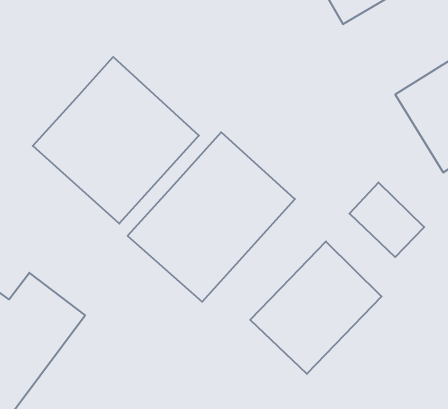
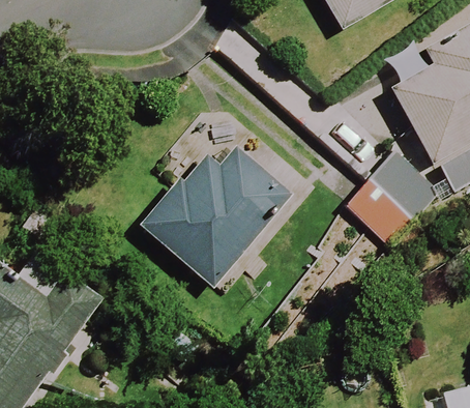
building: [33,57,199,224] -> none
building: [250,241,382,374] -> none

